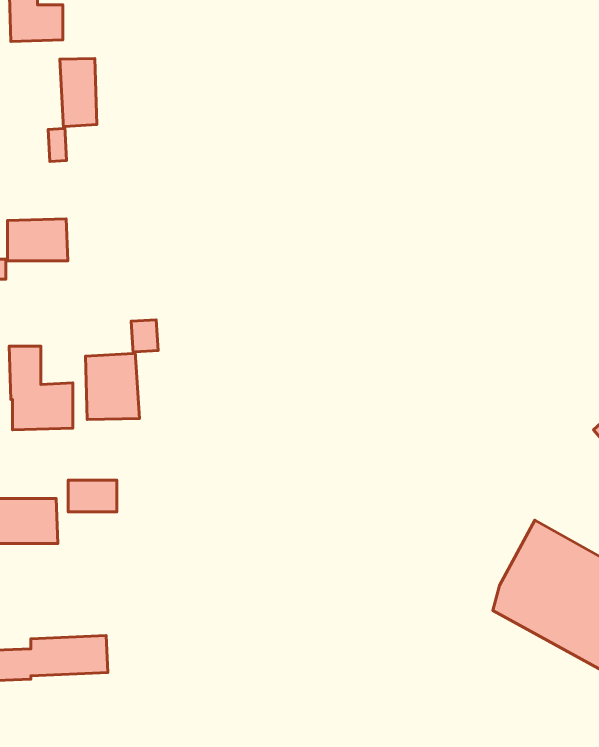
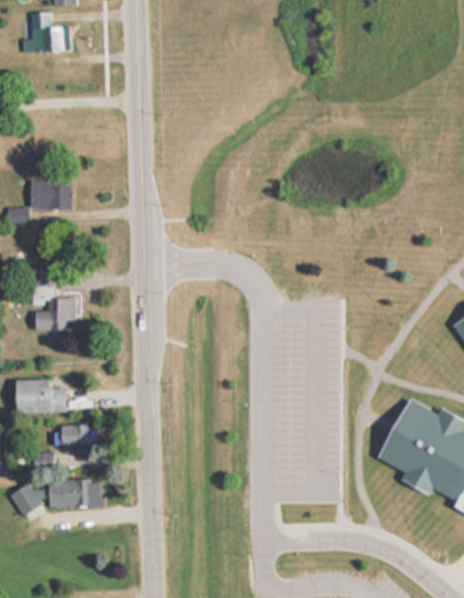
building: [48,59,97,162] -> none
building: [85,320,158,420] -> none
building: [68,480,117,512] -> [61,425,95,448]

